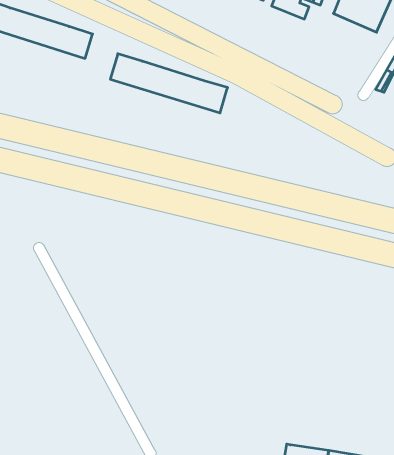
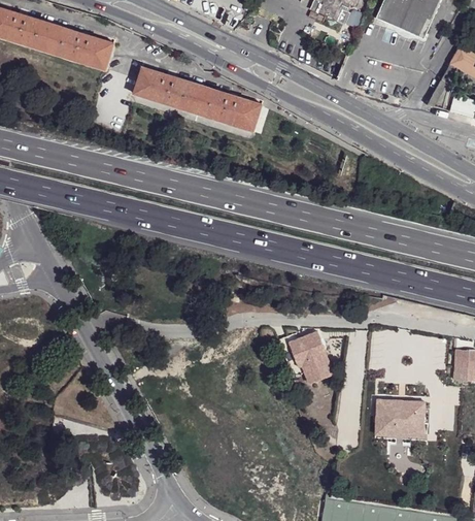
building: none -> [287,329,333,382]
building: none -> [374,399,423,436]

